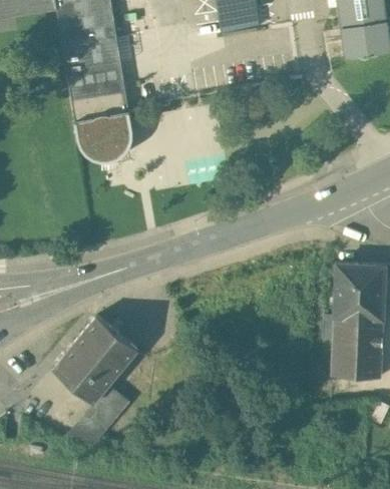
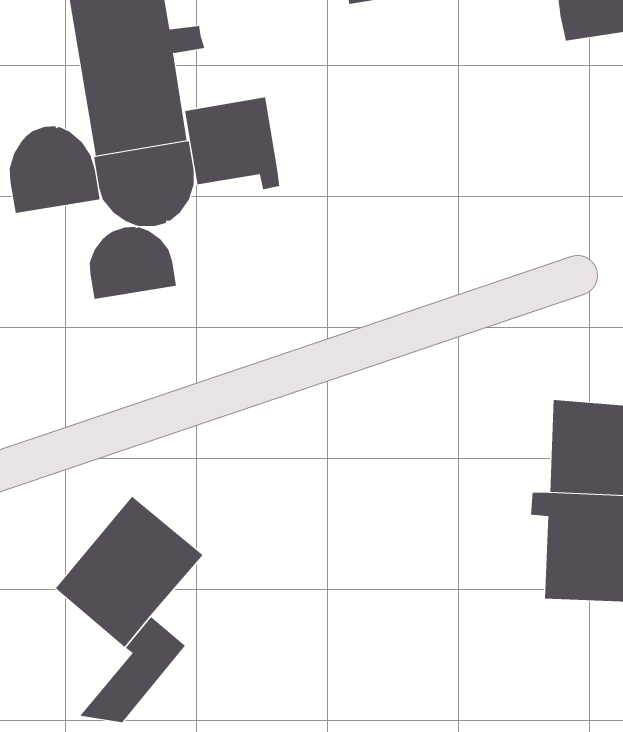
building: none -> [185,96,280,190]
building: none -> [9,126,100,214]
building: none -> [89,226,177,300]

